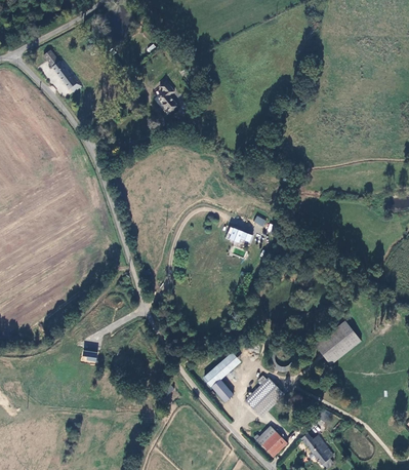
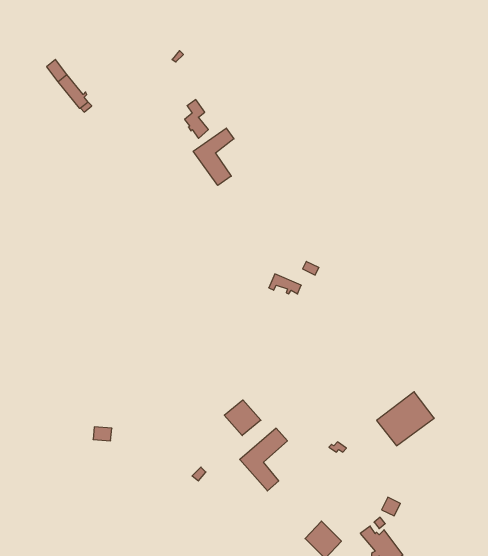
building: none -> [193,128,234,185]
building: none -> [224,400,261,436]
building: [244,375,284,418] -> none

